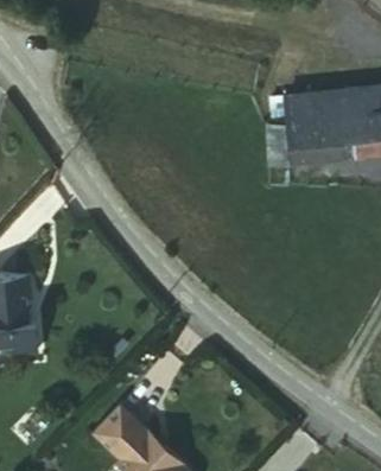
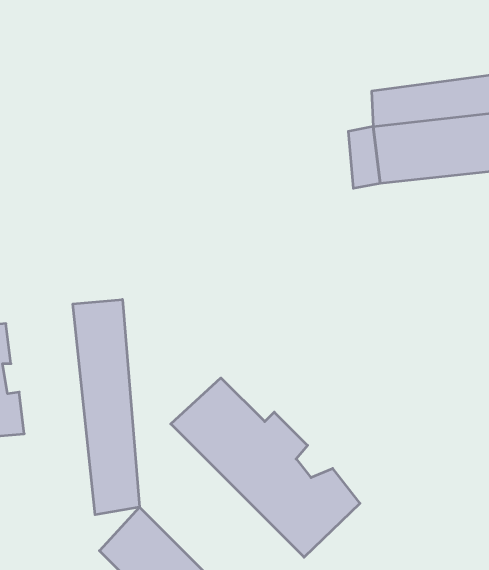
building: none -> [73,299,139,515]
building: none -> [171,378,360,557]

